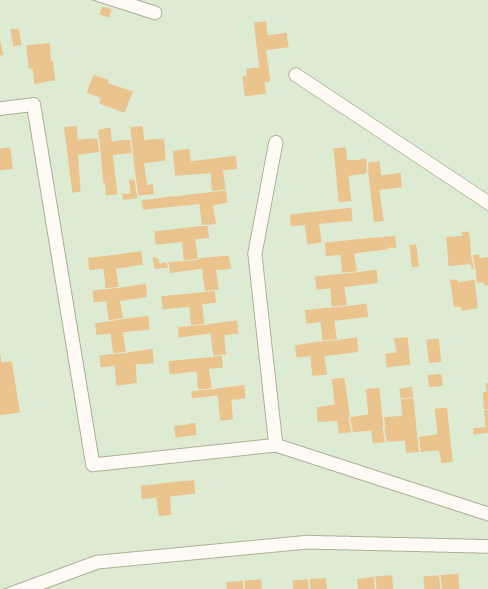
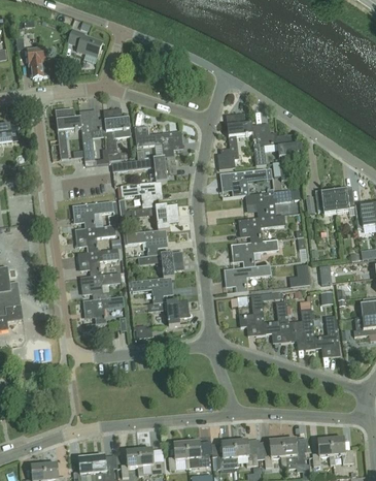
building: [241,21,289,97] -> [217,114,252,169]
building: [86,74,134,114] -> [68,28,103,57]
building: [449,279,478,311] -> [314,190,336,214]
building: [140,480,196,516] -> [82,296,124,323]

